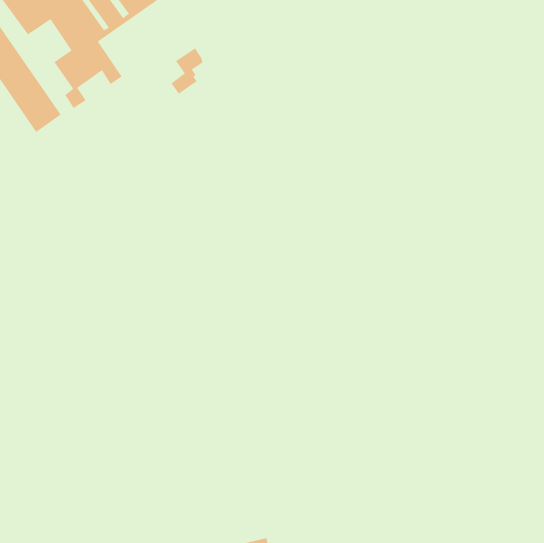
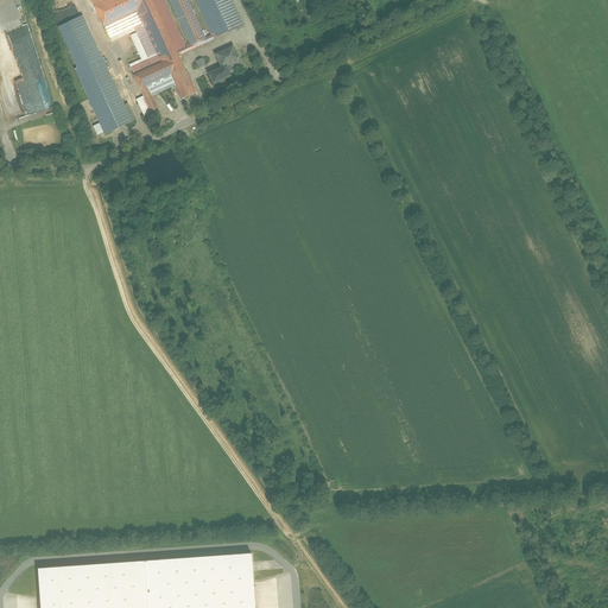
building: [170,48,203,94] -> [205,45,240,87]

